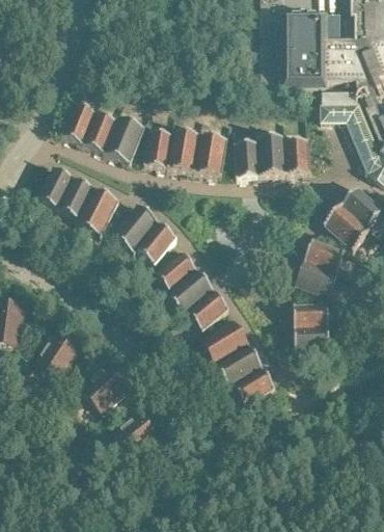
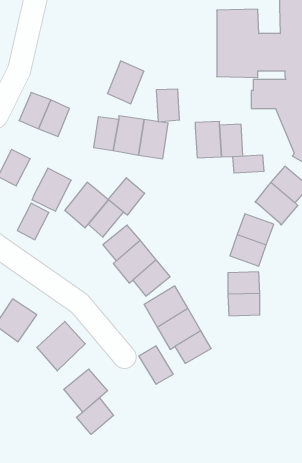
building: [105,115,145,163] -> [107,61,144,104]
building: [234,141,259,178] -> [156,89,180,122]
building: none -> [233,155,264,173]
building: [58,177,93,217] -> [17,203,49,240]
building: none -> [108,178,145,215]
building: none -> [139,346,173,384]
building: none -> [77,398,114,434]

